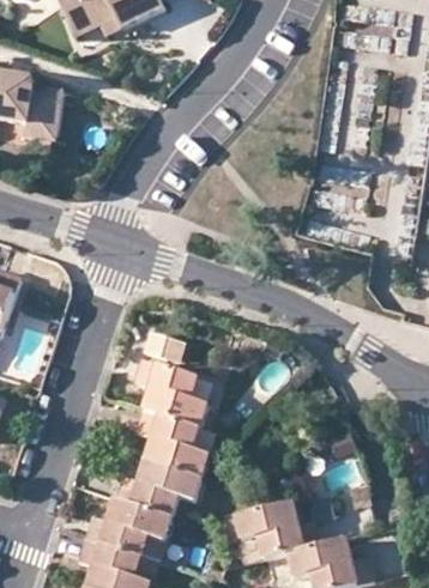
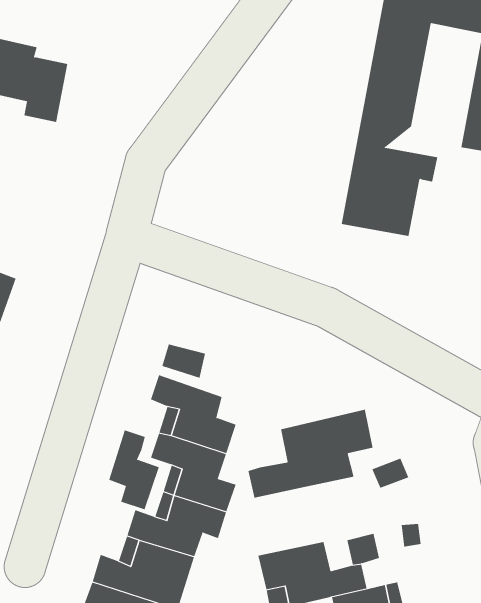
building: none -> [248,409,373,498]
building: none -> [109,430,160,510]

